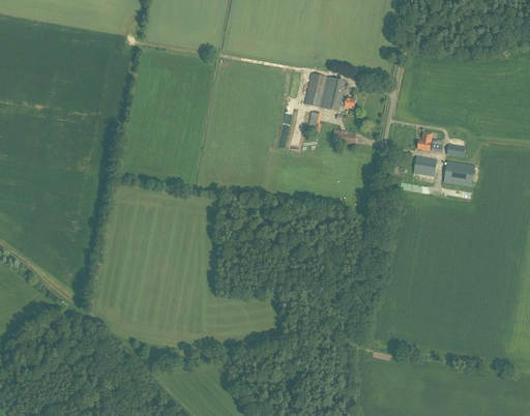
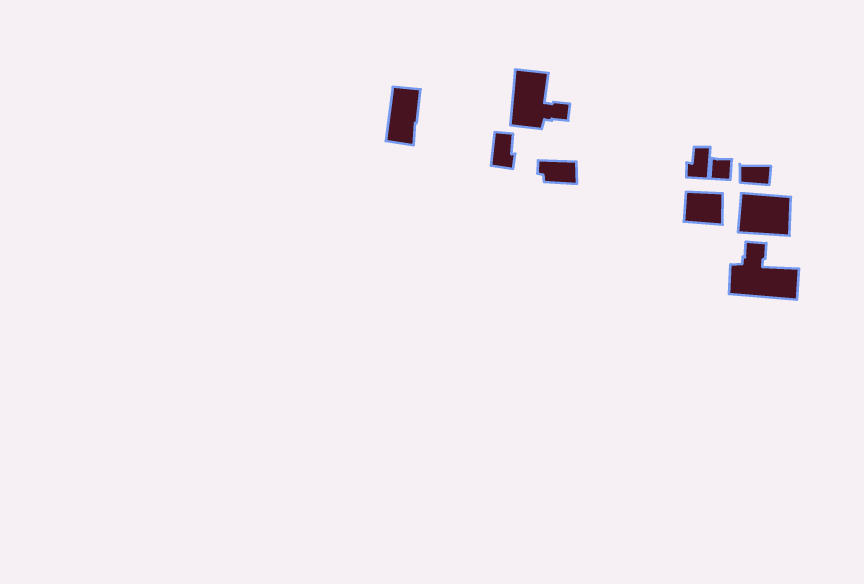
building: [303,73,326,108] -> [386,87,421,145]
building: none -> [729,242,799,300]

